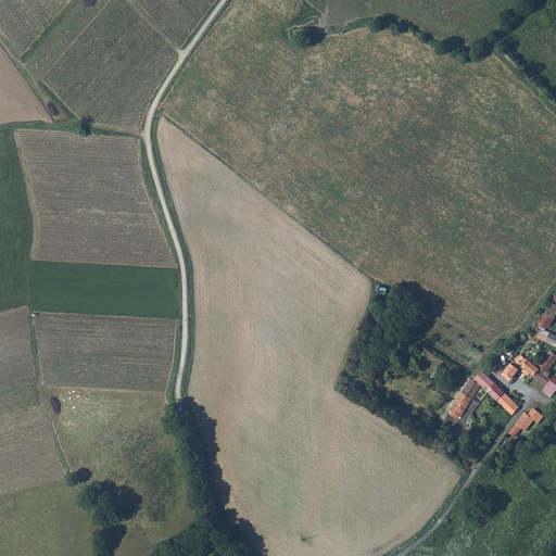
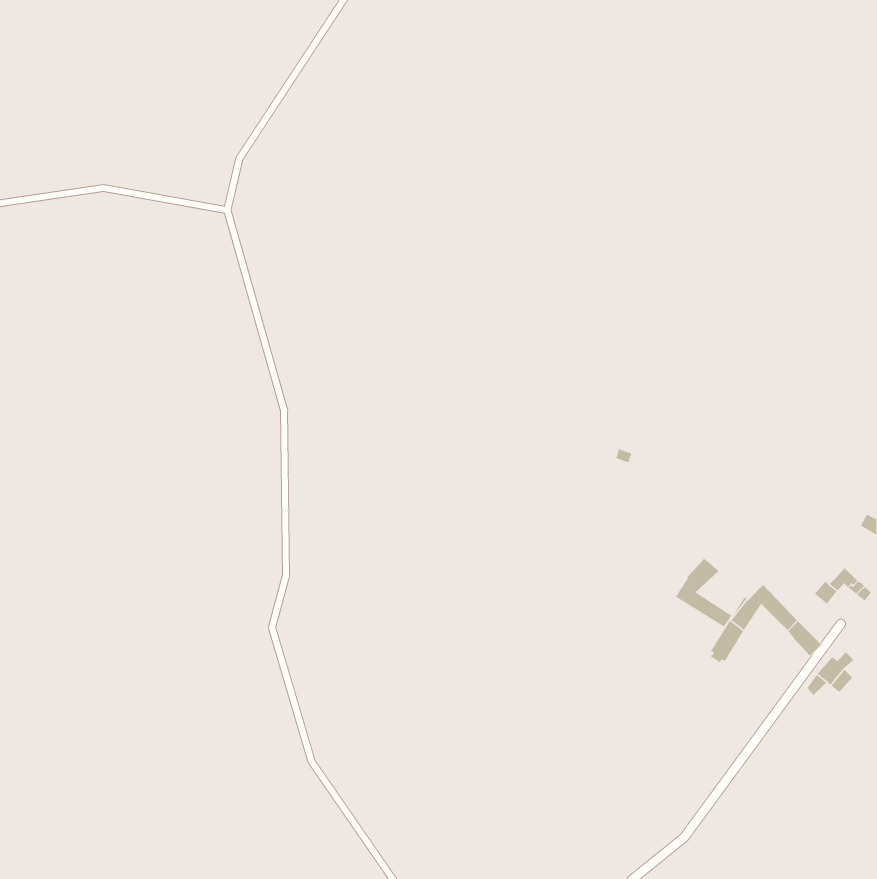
building: none -> [675,558,732,628]

